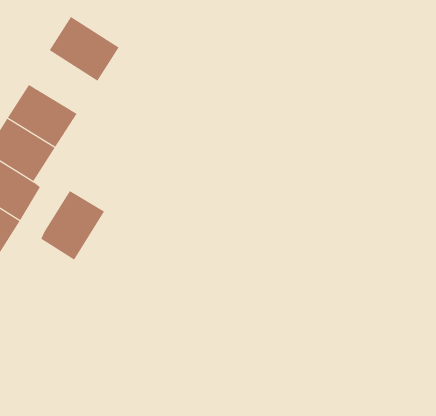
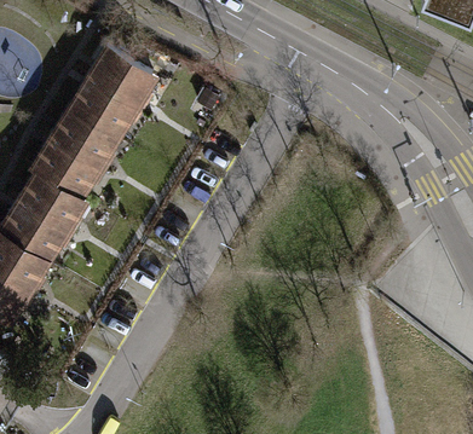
building: none -> [73,79,134,135]
building: [40,190,105,261] -> none

